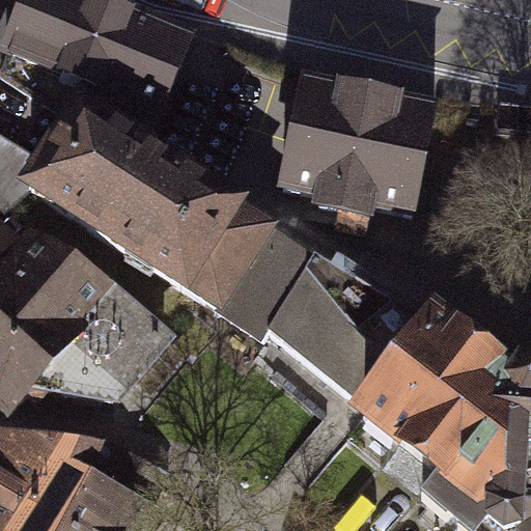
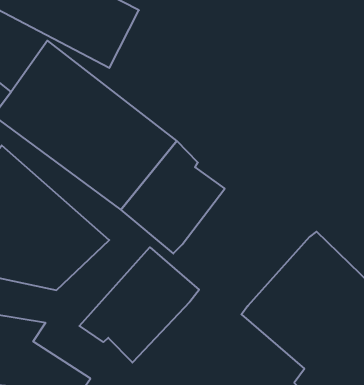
building: [279,79,435,217] -> none
building: [267,251,426,397] -> none
building: none -> [79,247,199,363]

